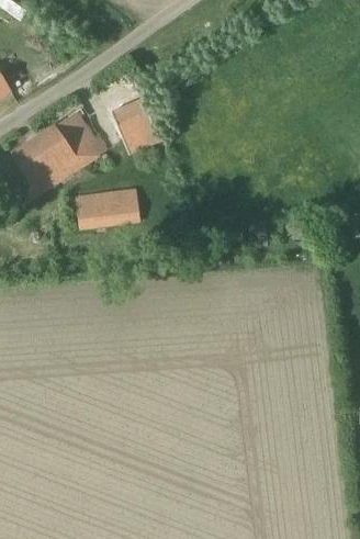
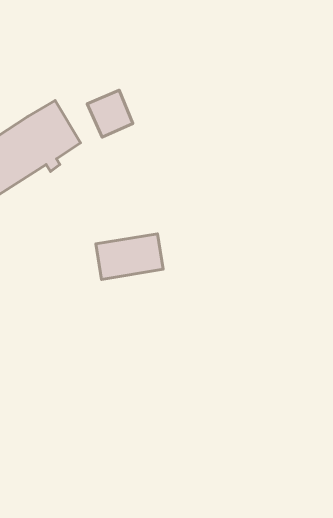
building: [76,187,140,231] -> [96,234,163,279]

